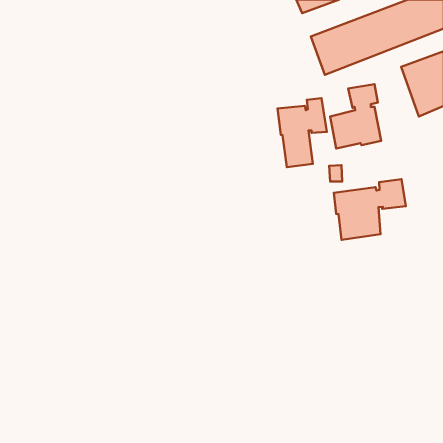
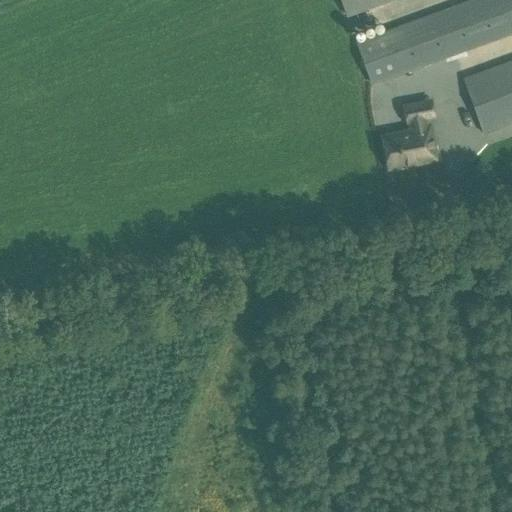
building: [277,98,327,167] -> none
building: [334,179,406,240] -> none

